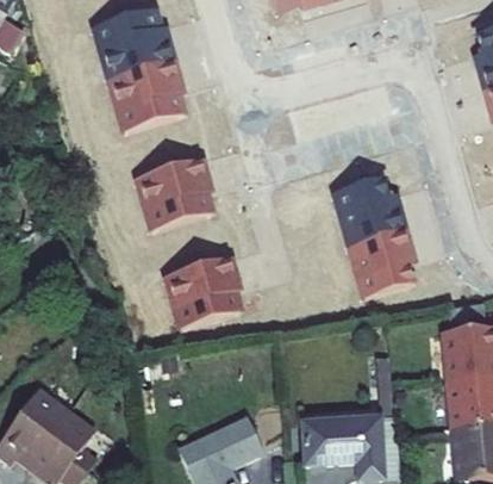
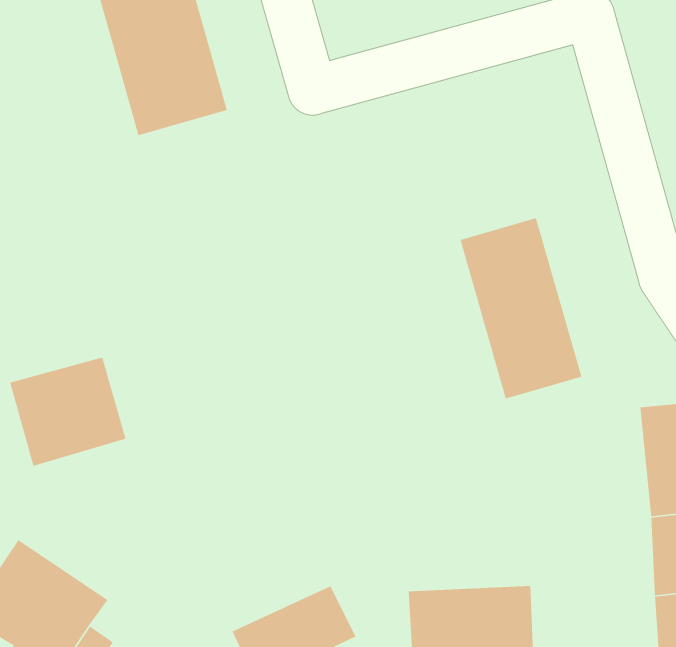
building: [132,157,208,228] -> none
building: [163,256,239,328] -> [9,356,127,467]

